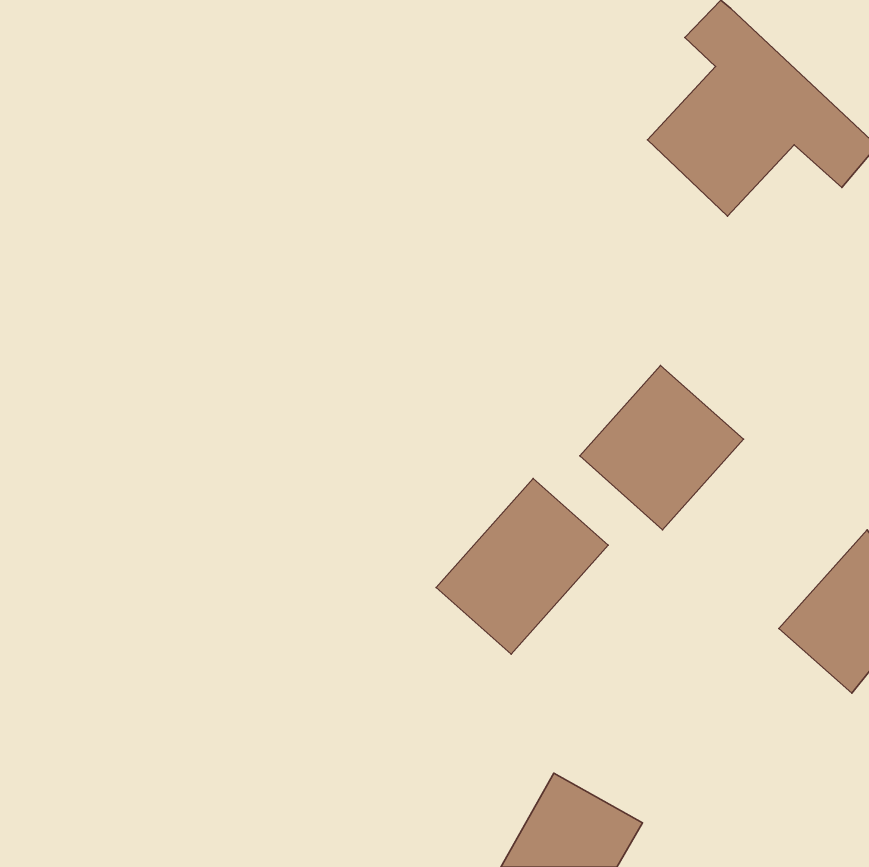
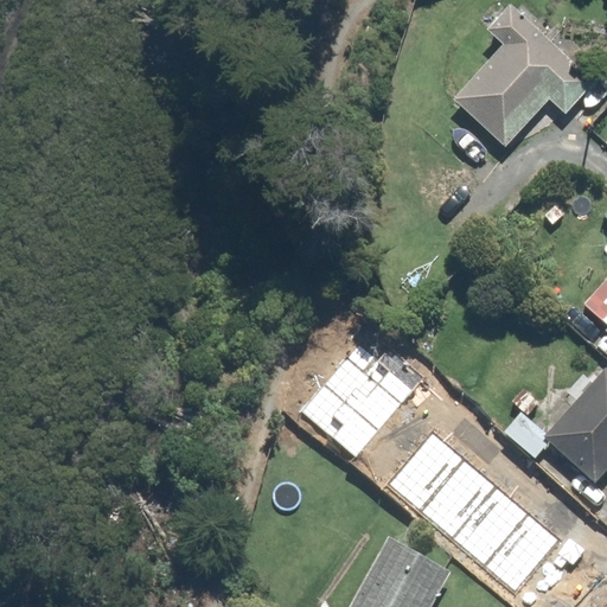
building: [580,365,743,530] -> none
building: none -> [390,434,558,589]

